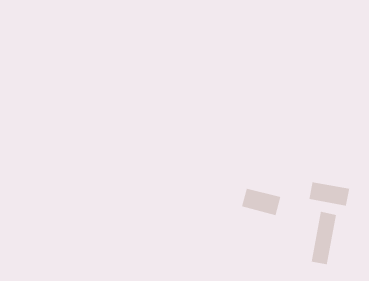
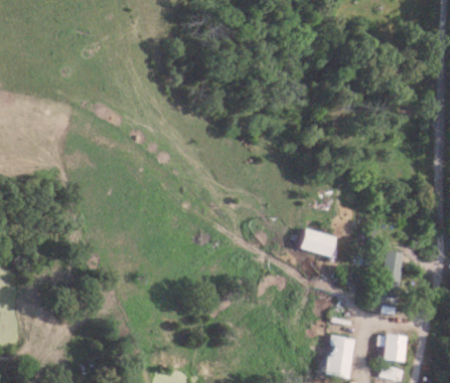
building: [309,182,350,207] -> none

